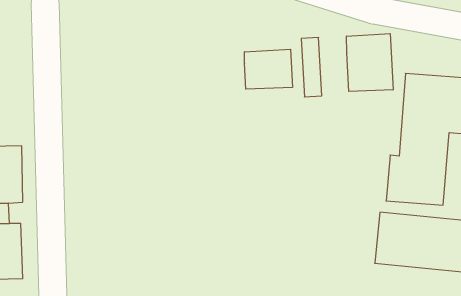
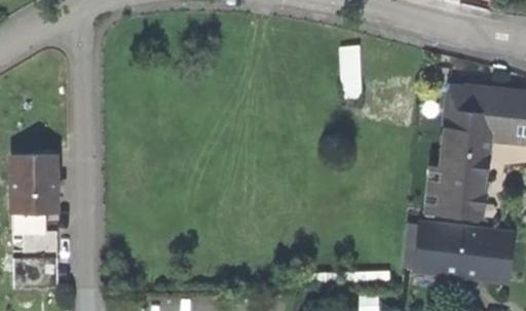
building: [347,34,393,91] -> none
building: [245,49,292,89] -> none

